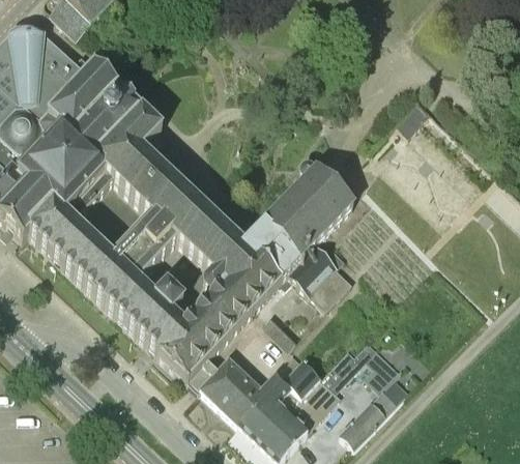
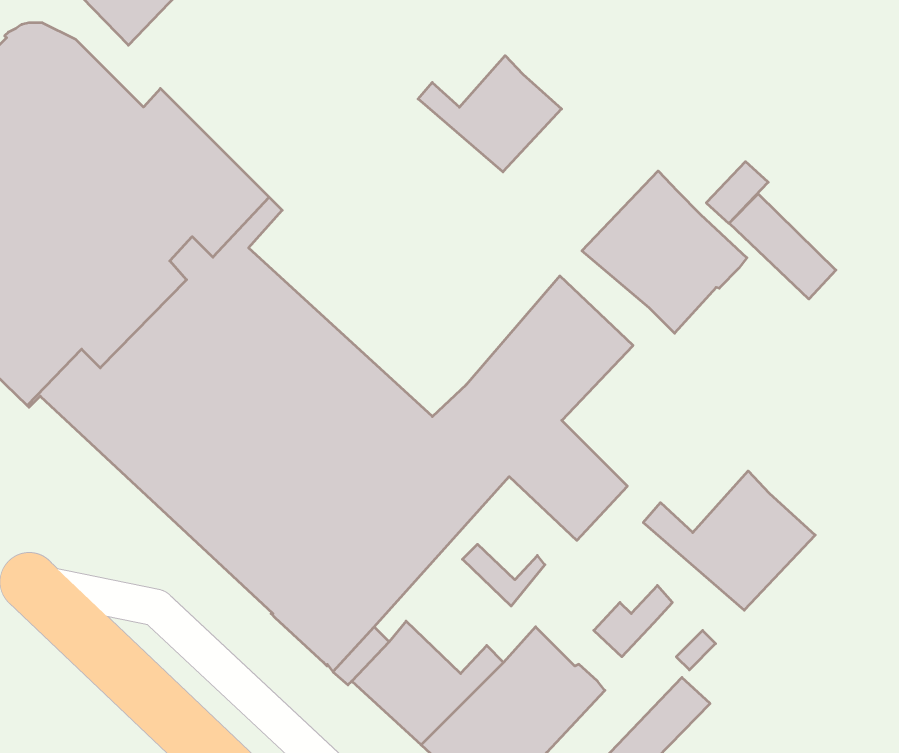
building: none -> [418,56,562,172]
building: none -> [582,171,747,333]
building: none -> [729,194,836,299]
building: none -> [643,471,815,610]

